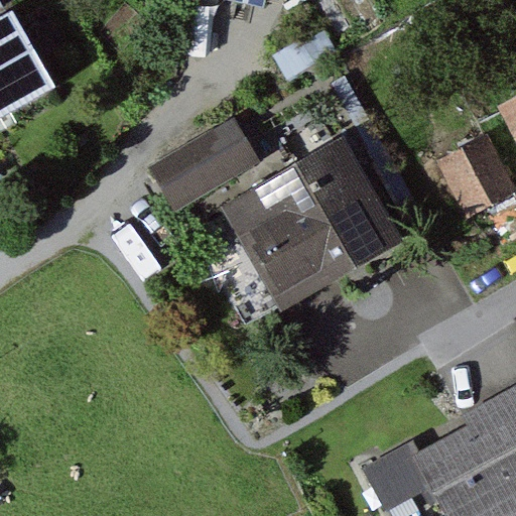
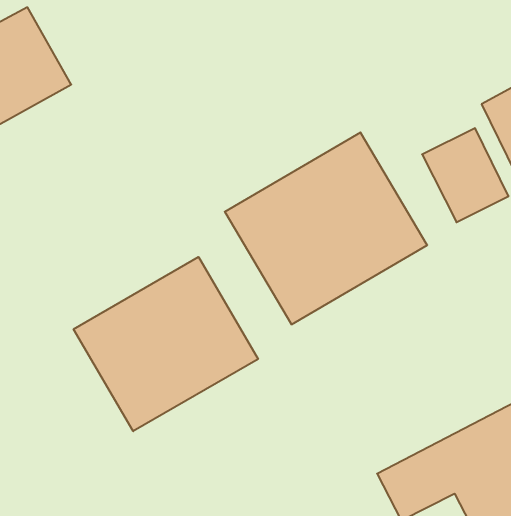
building: [145,128,236,210] -> none
building: none -> [74,257,258,431]

